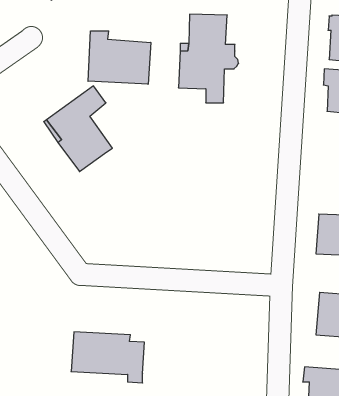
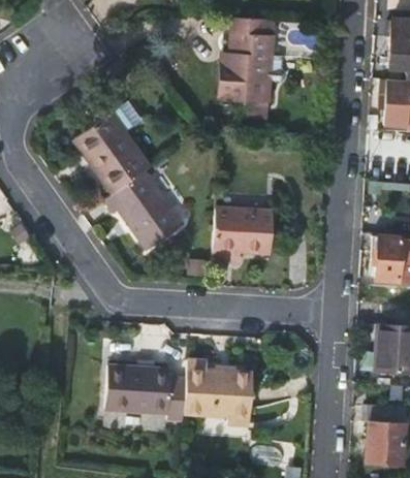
building: [88,31,151,84] -> none
building: none -> [105,170,185,251]
building: none -> [213,206,275,263]
building: none -> [184,361,250,424]

